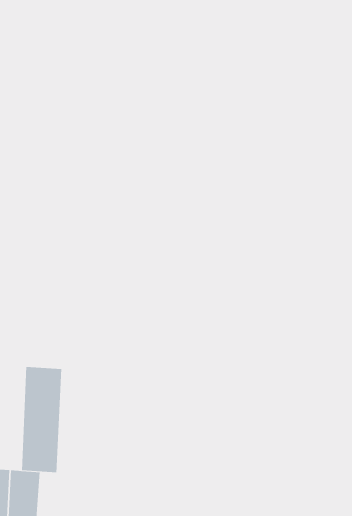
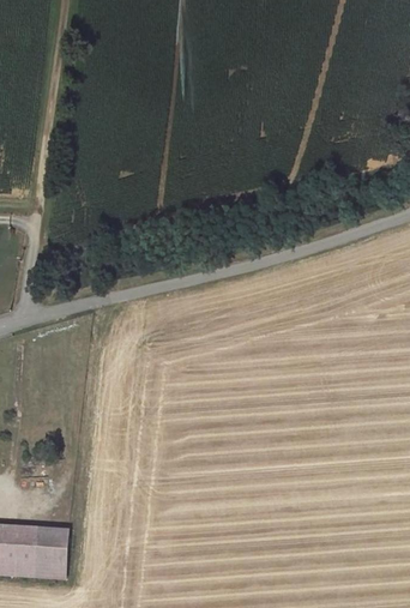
building: [22,366,62,473] -> none

